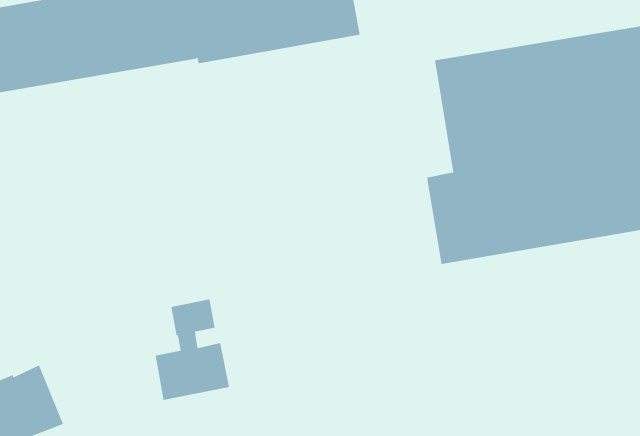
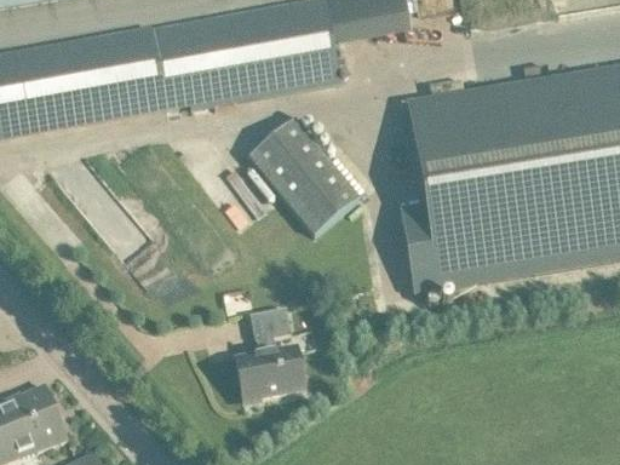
building: none -> [235,111,357,235]
building: [155,299,230,401] -> [236,306,305,400]

